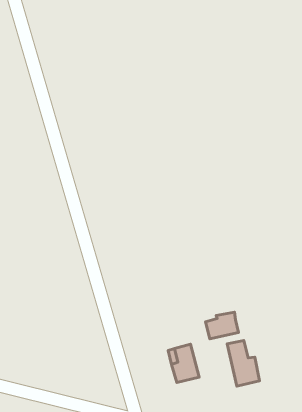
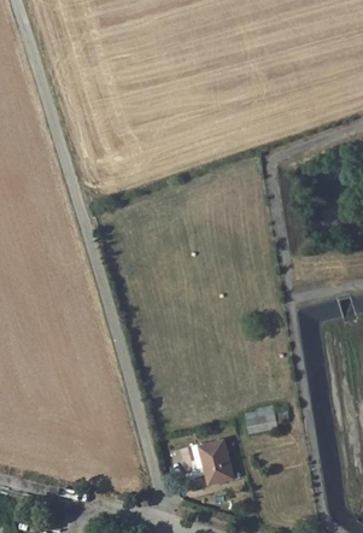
building: [227,340,259,386] -> none

